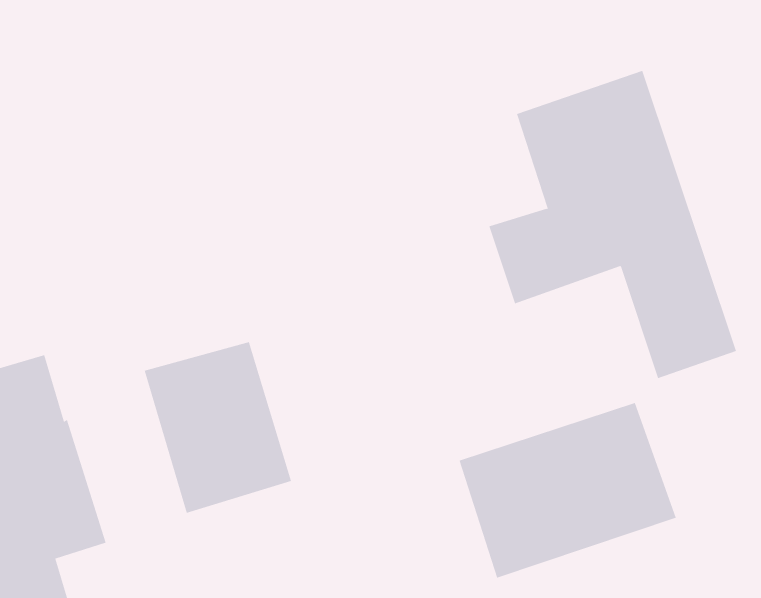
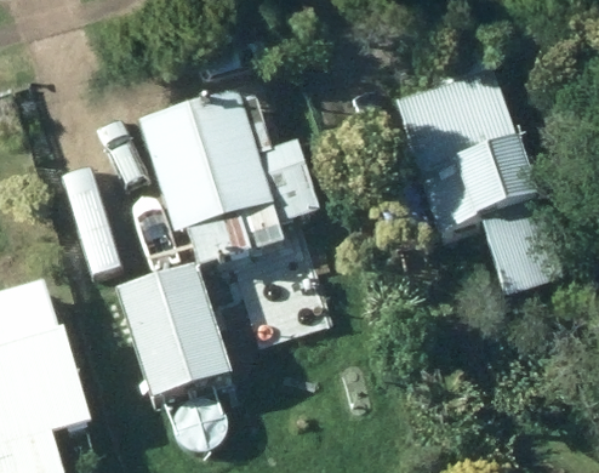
building: none -> [137,86,319,266]
building: [459,402,676,578] -> none

